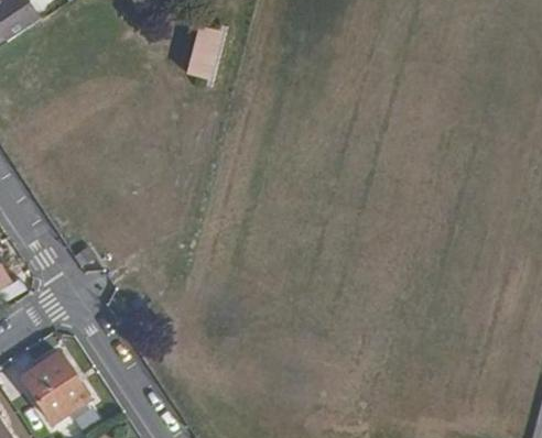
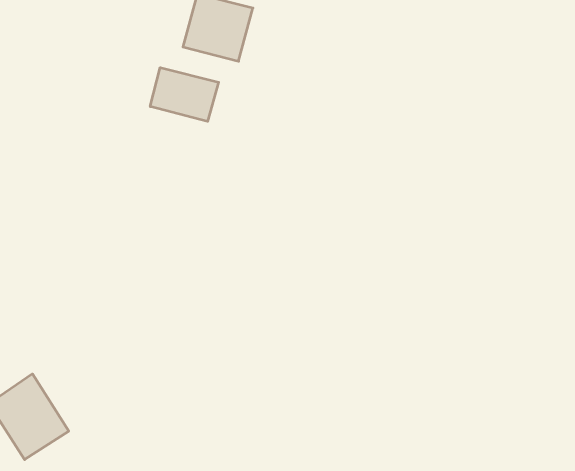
building: none -> [150,68,219,121]

